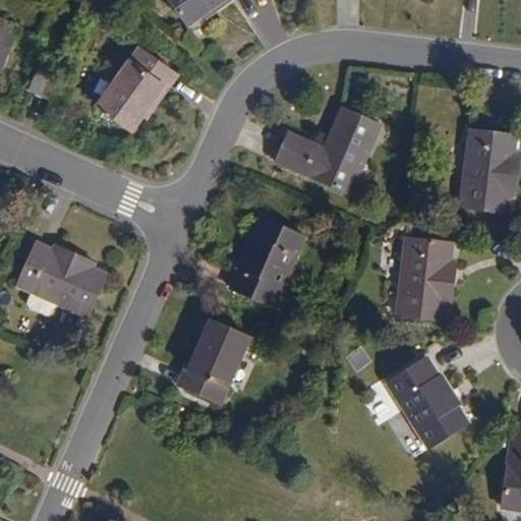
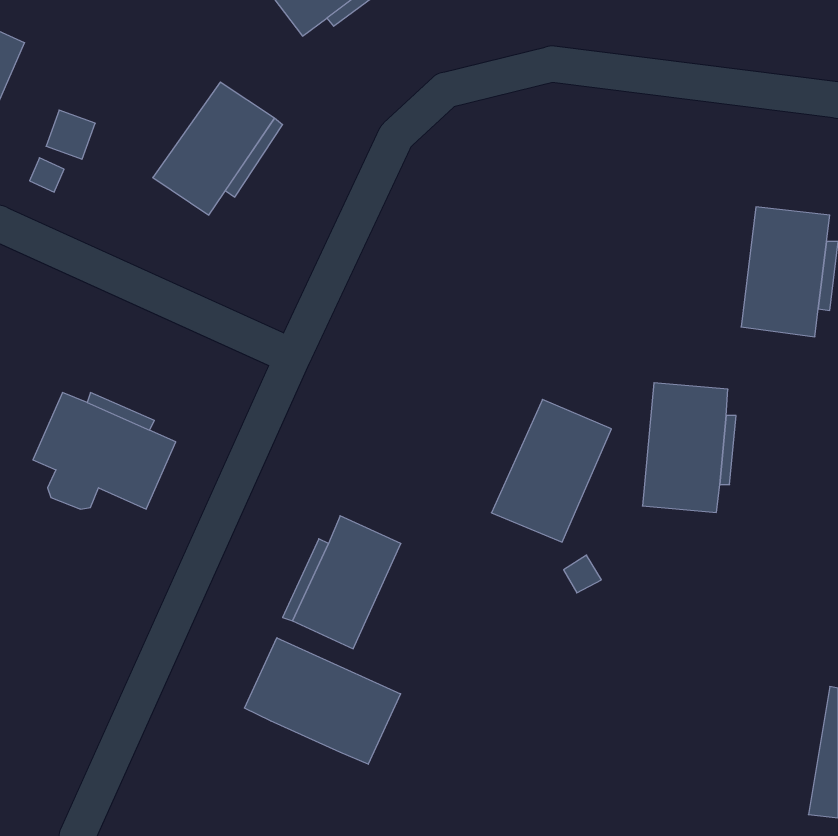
building: [278,106,381,190] -> none
building: [230,218,304,306] -> [491,399,611,542]
building: [388,358,469,449] -> none
building: none -> [245,638,401,764]

